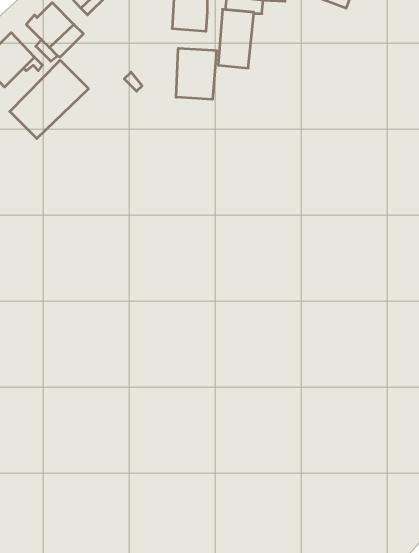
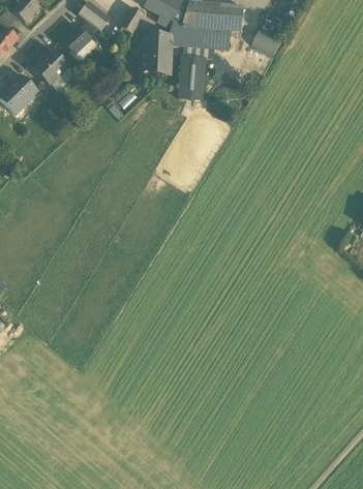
building: [176,48,217,99] -> none
building: [10,60,88,139] -> none

